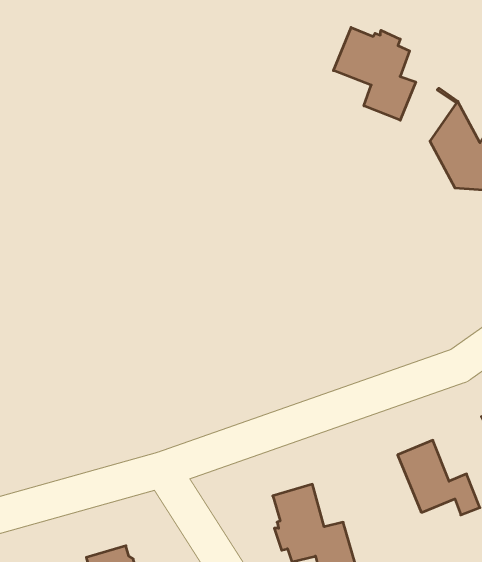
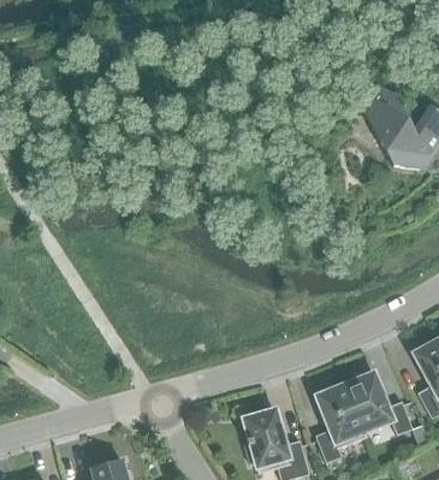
building: [333,27,416,120] -> none
building: none -> [315,384,367,462]

